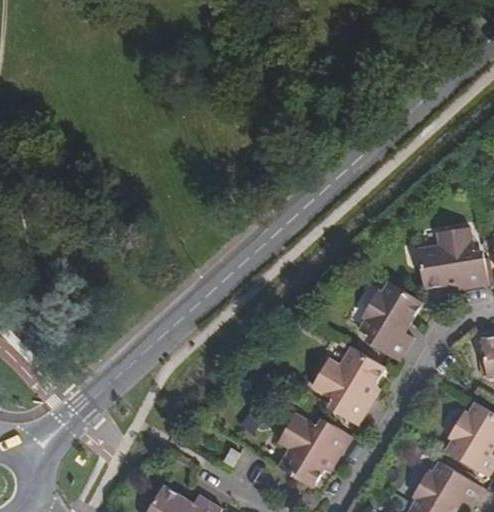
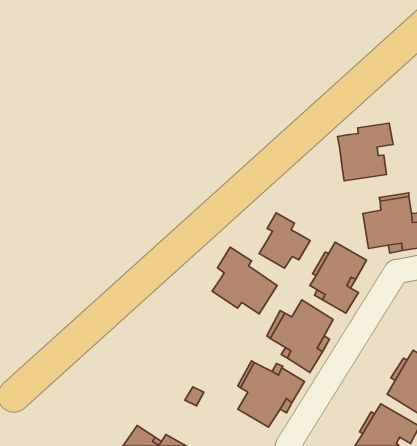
building: none -> [337,123,393,181]
building: none -> [259,213,310,268]
building: none -> [212,247,277,314]

